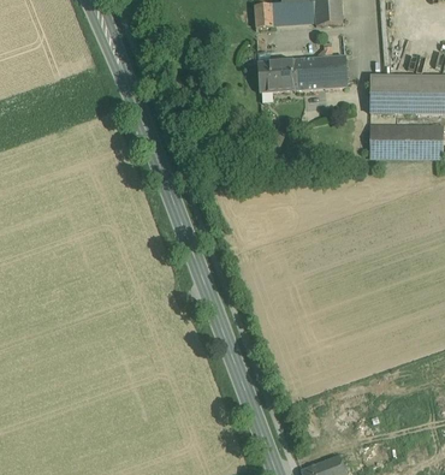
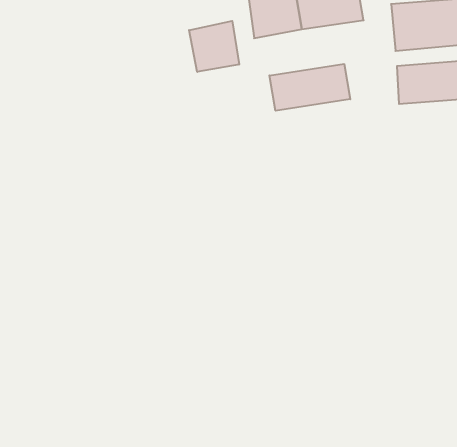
building: none -> [189,21,239,72]
building: none -> [269,64,350,111]

